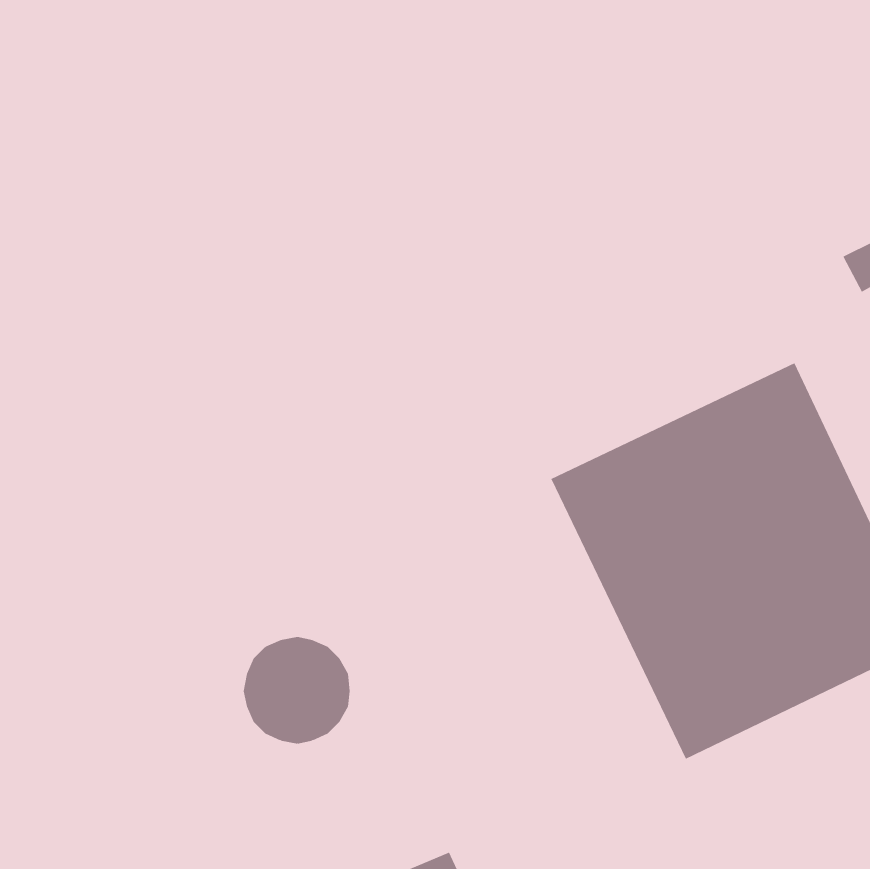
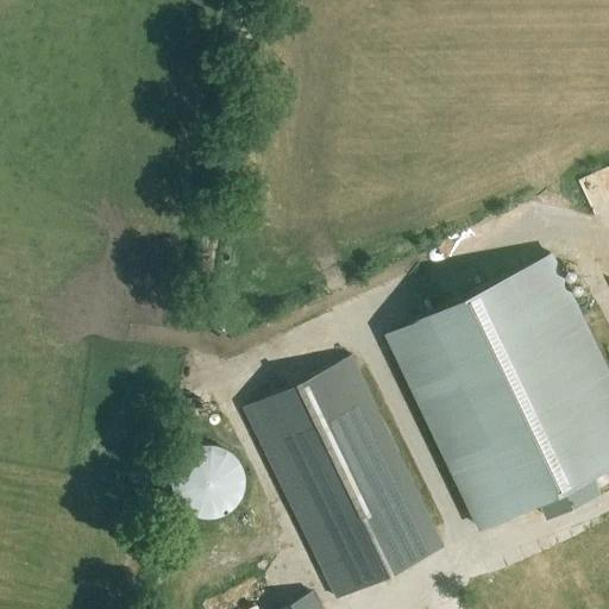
building: none -> [245,357,444,599]

